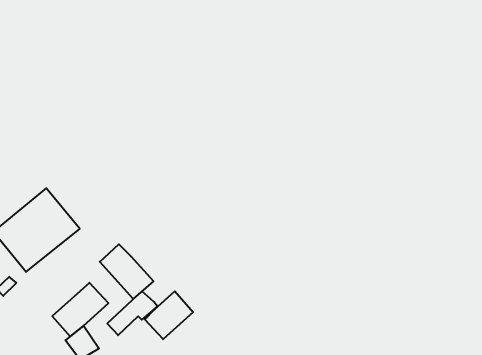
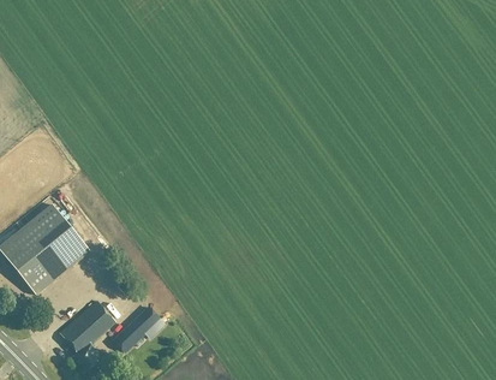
building: [100,244,153,299] -> none
building: [145,291,193,339] -> none

